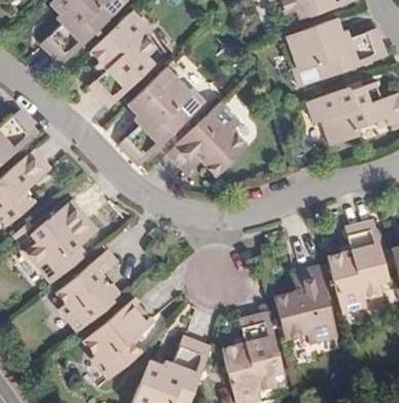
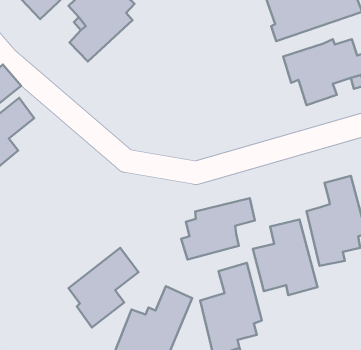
building: [120,65,207,162] -> none
building: [168,99,248,173] -> none
building: [28,194,99,278] -> none
building: [58,244,118,326] -> none
building: none -> [181,198,255,259]

